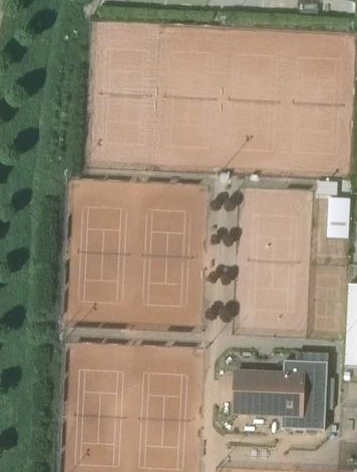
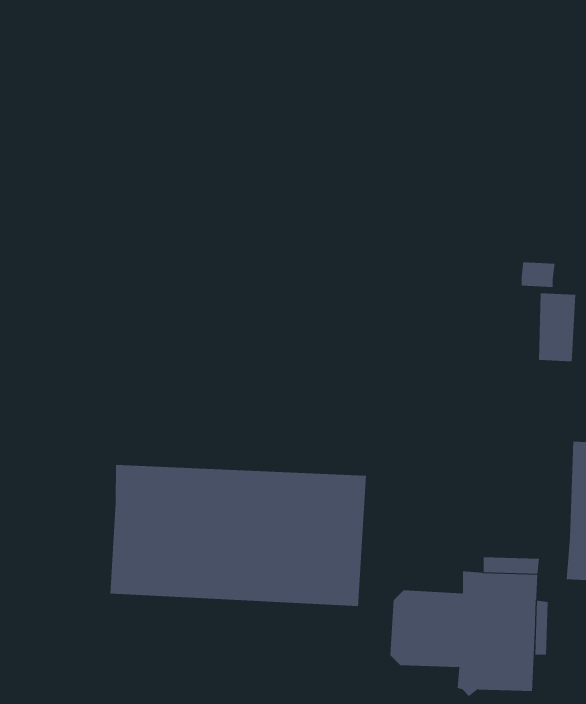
building: none -> [110,464,366,607]

